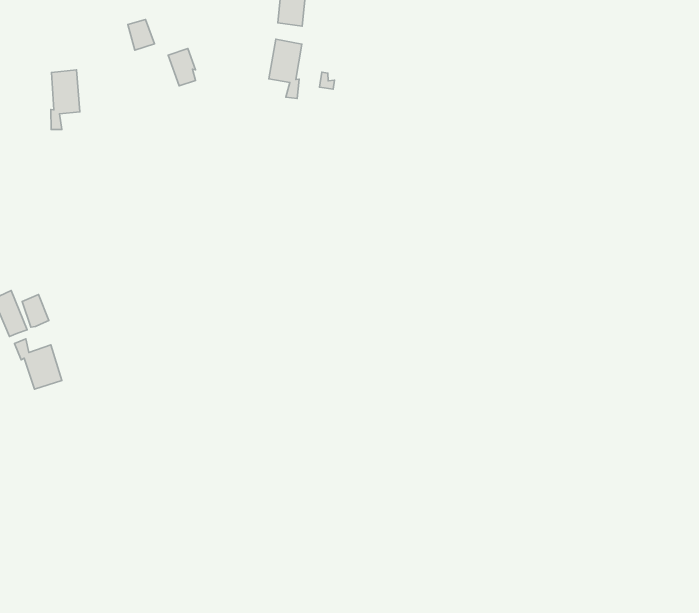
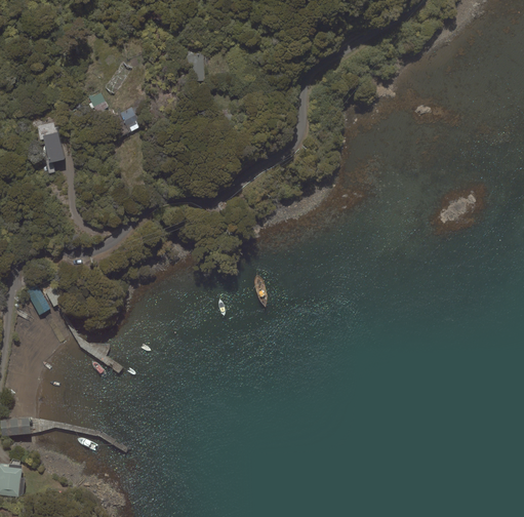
building: [269,39,302,98] -> none
building: [15,339,62,389] -> none

